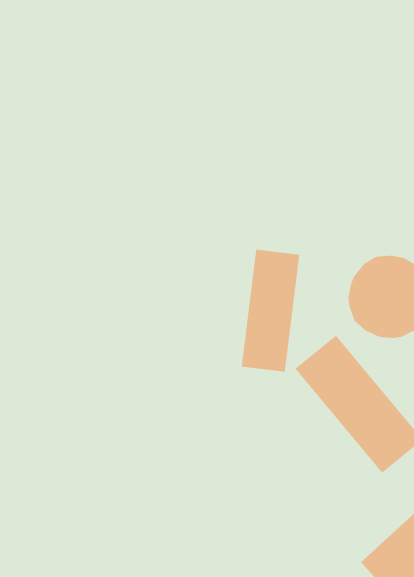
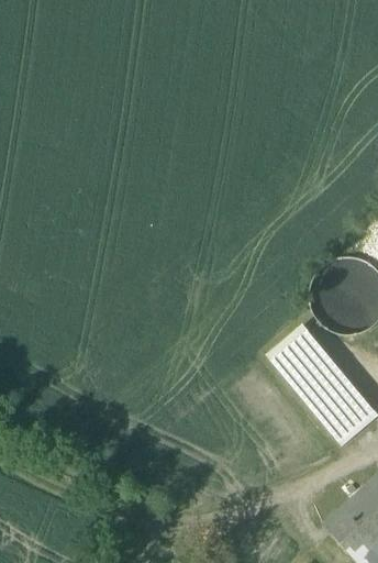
building: [241,249,300,372] -> none

